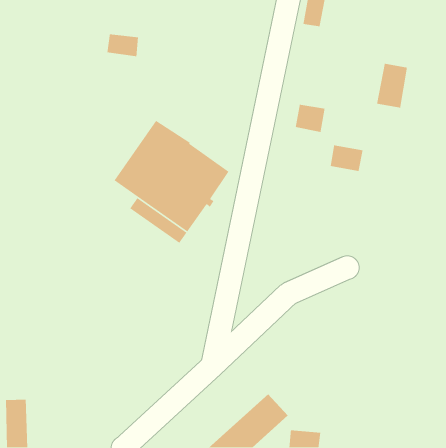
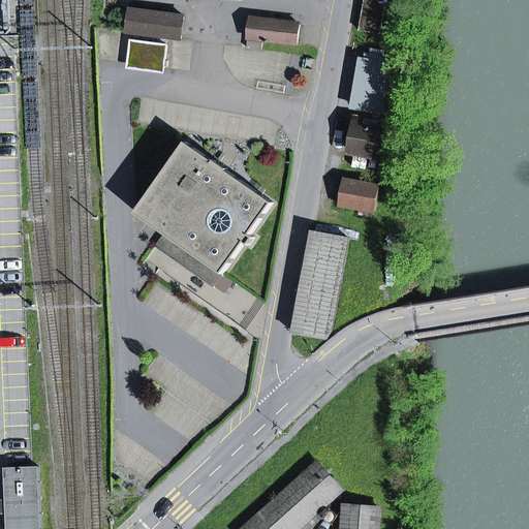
building: none -> [124,8,181,38]
building: none -> [248,17,301,49]
building: [376,63,408,108] -> [350,58,387,112]
building: [330,144,363,172] -> [338,178,377,210]
building: none -> [290,230,346,338]

